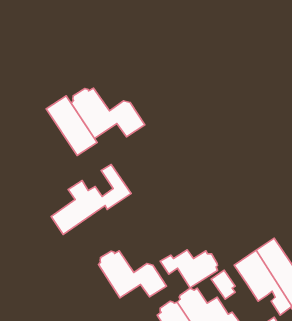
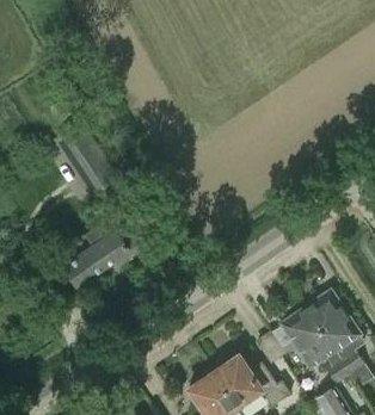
building: [71,88,145,139] -> none
building: [160,250,218,288] -> none
building: [98,251,167,298] -> none

